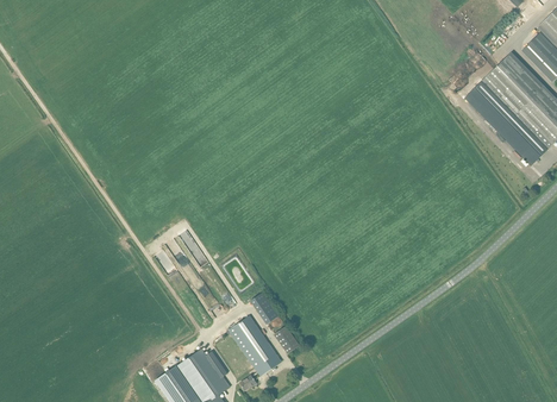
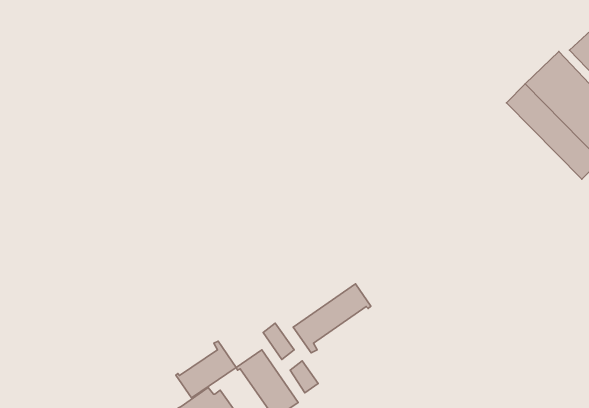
building: none -> [293,284,371,353]
building: none -> [176,341,236,398]

